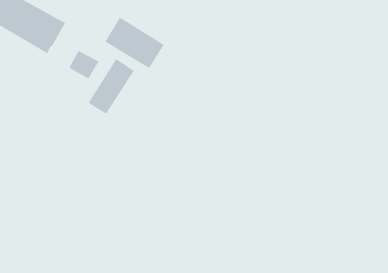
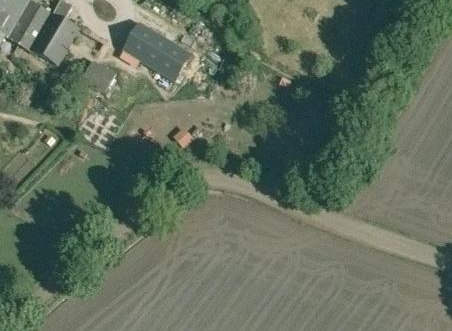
building: [88,58,135,114] -> none

